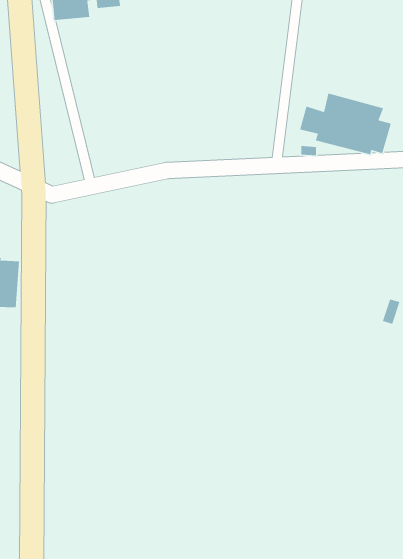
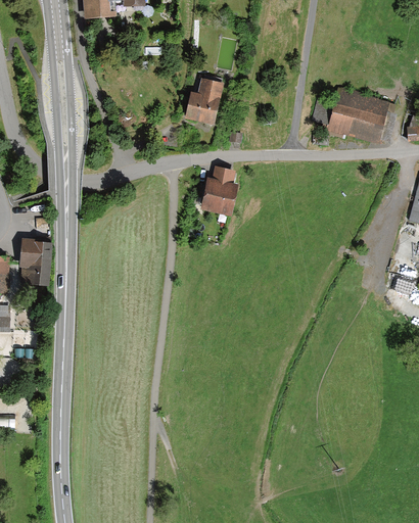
building: none -> [185,79,224,126]
building: none -> [200,165,238,217]

